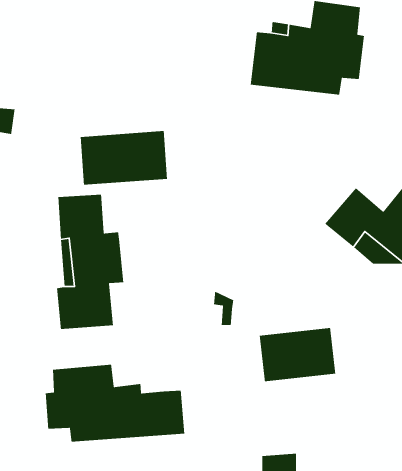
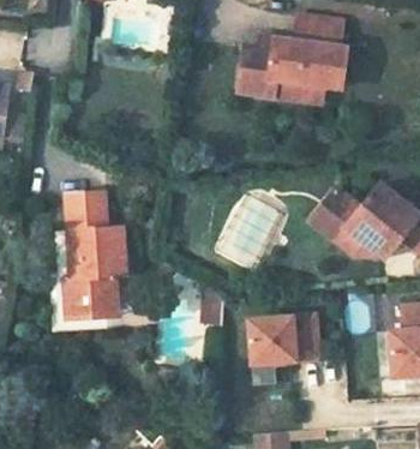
building: [80,130,168,186] -> none
building: [45,364,185,442] -> none

